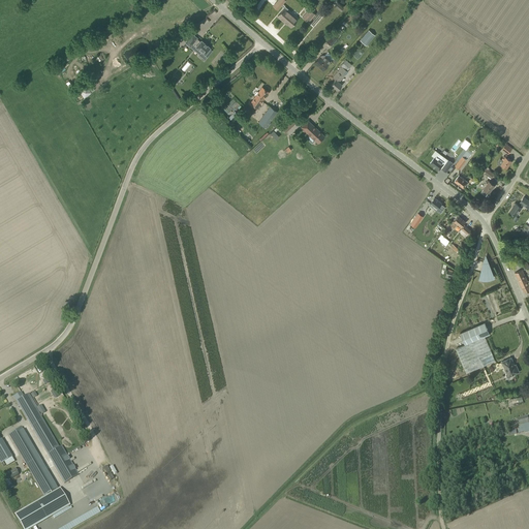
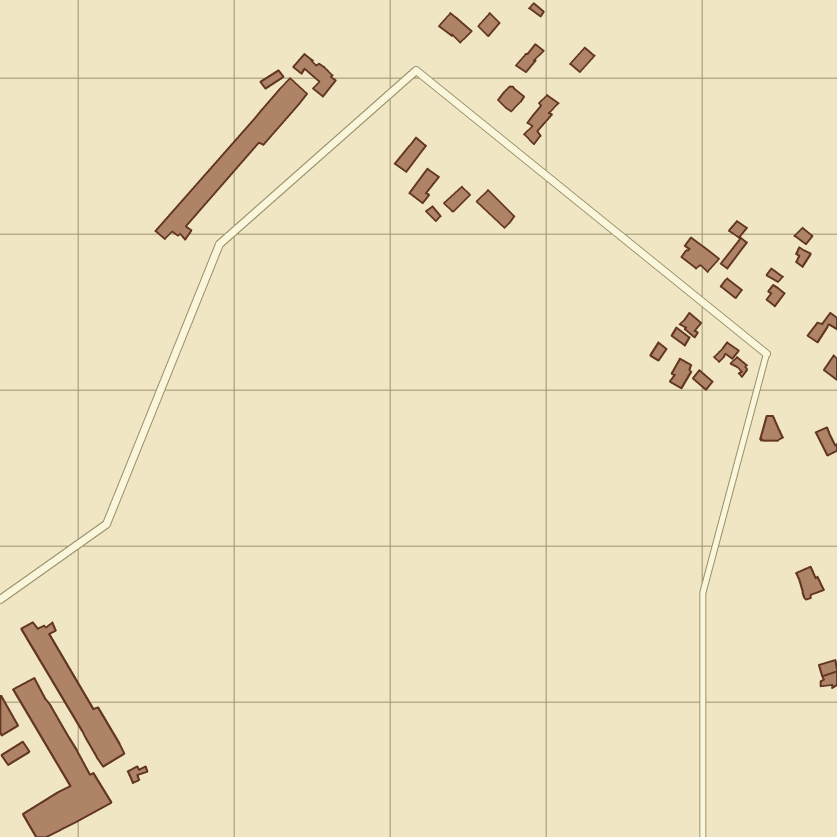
building: none -> [155,78,307,240]
building: [456,322,495,373] -> none

